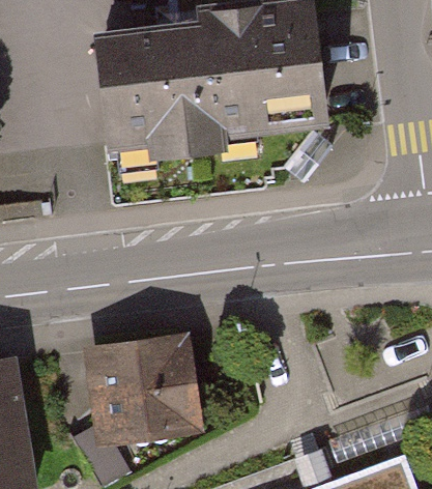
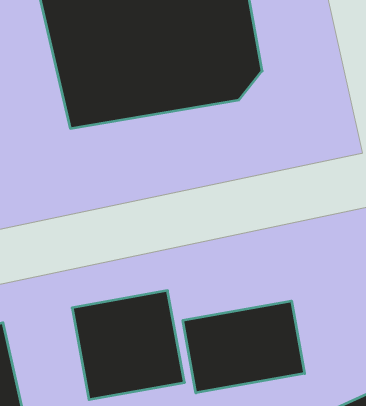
building: none -> [183,301,305,393]

